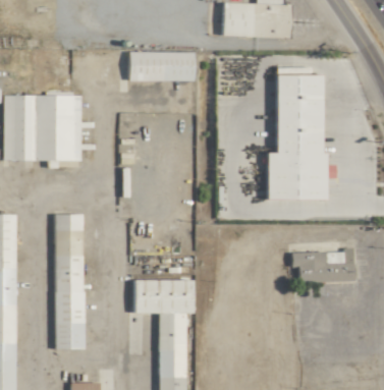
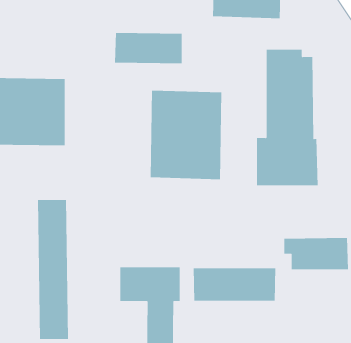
building: none -> [150,90,222,180]
building: none -> [193,267,276,302]

